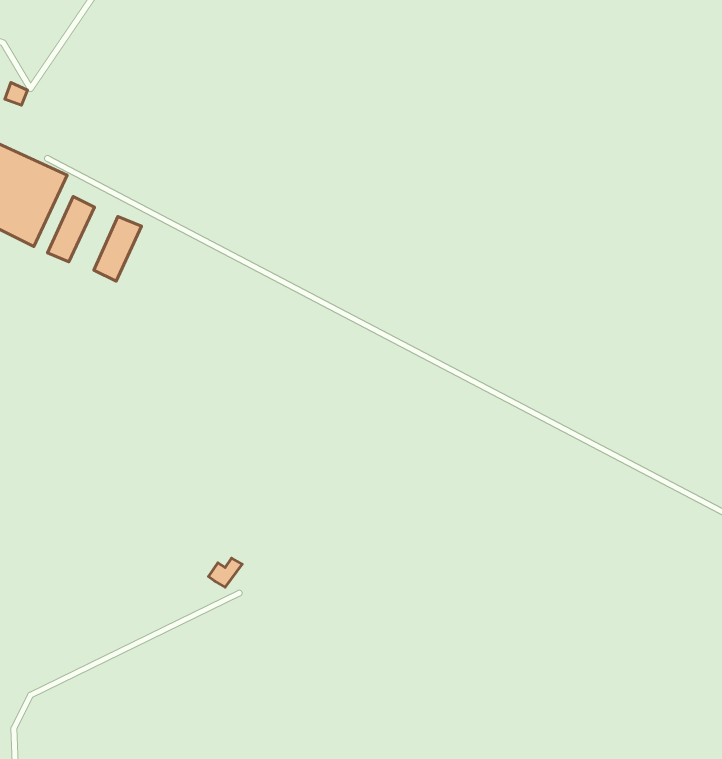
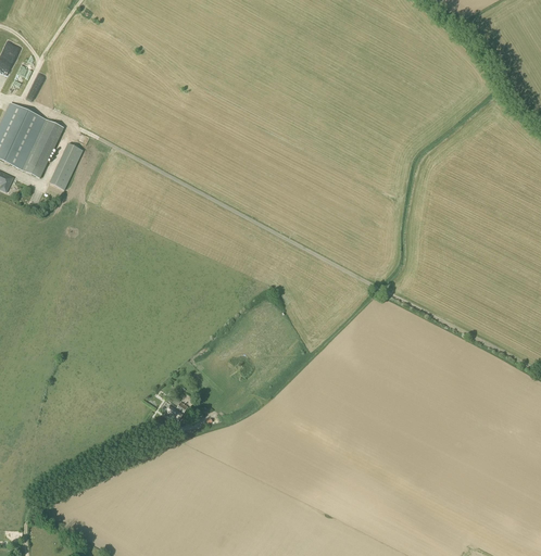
building: [94,216,141,281] -> none

